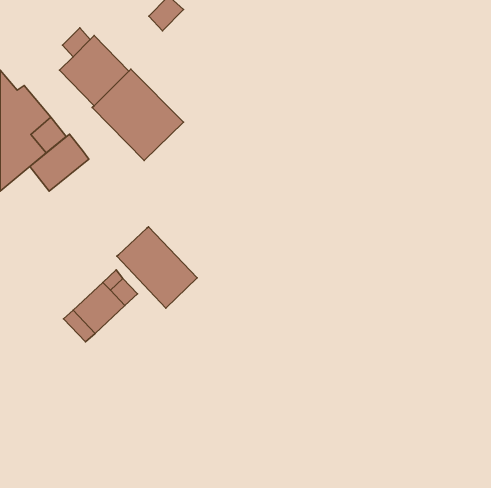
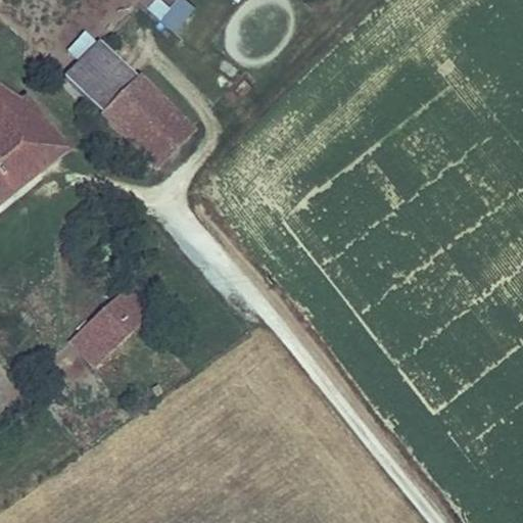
building: [30,134,89,191] -> none
building: [117,227,197,308] -> none

